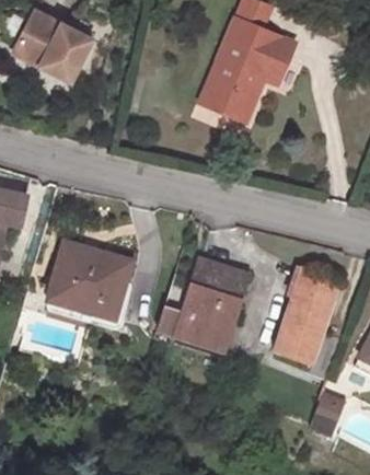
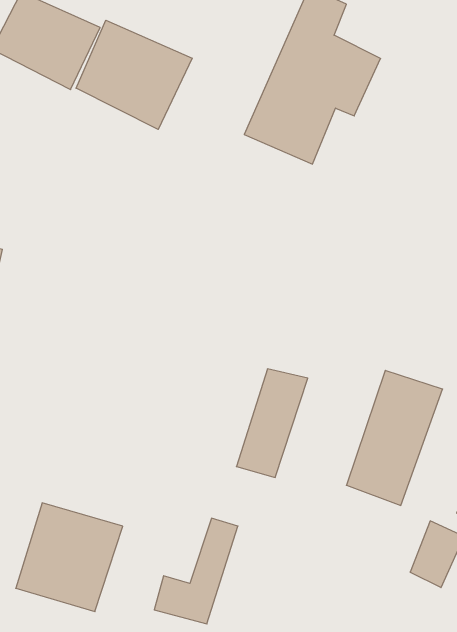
building: none -> [76,20,192,129]
building: [48,241,124,317] -> [16,503,123,612]
building: [158,264,217,338] -> [154,518,238,624]

